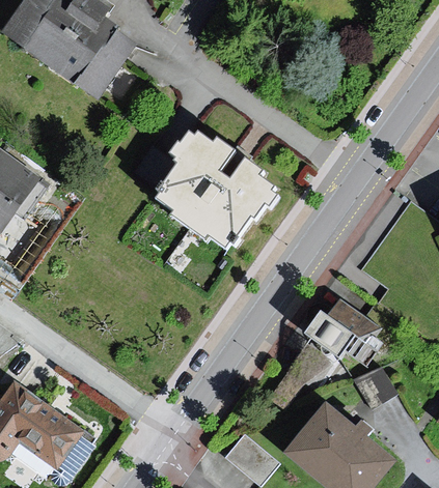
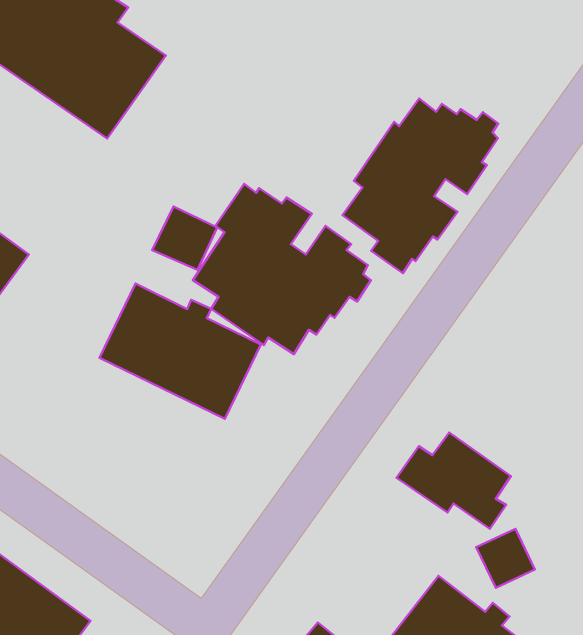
building: none -> [343,98,498,273]
building: none -> [100,284,261,419]

